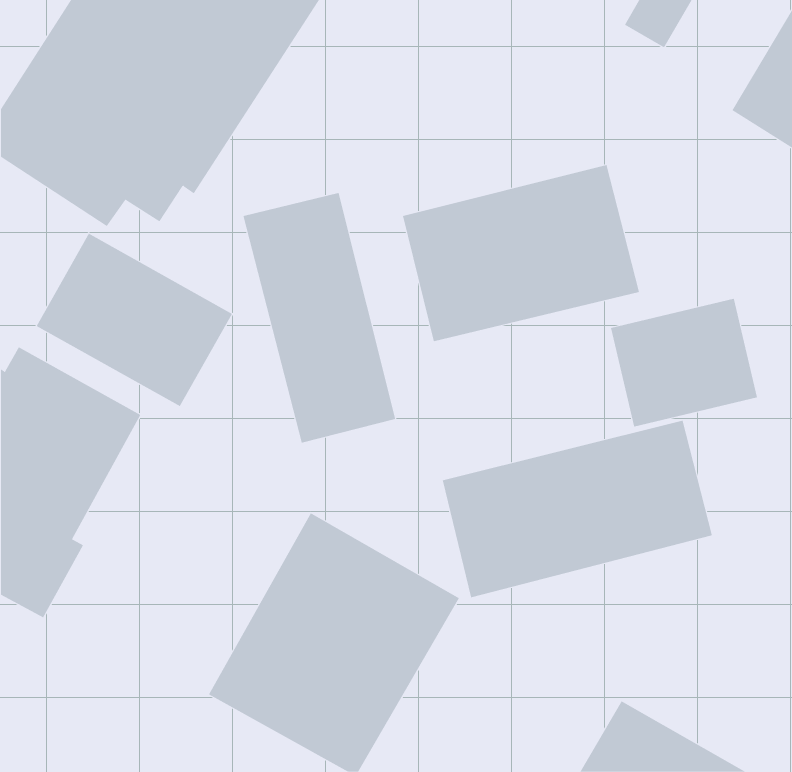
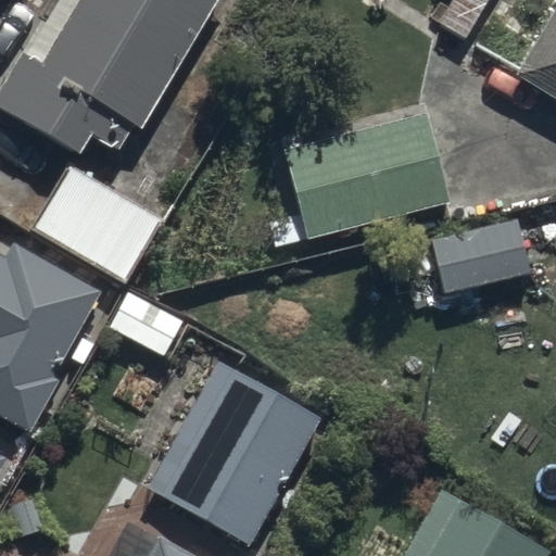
building: [243,192,396,444] -> none
building: [442,420,712,598] -> none

